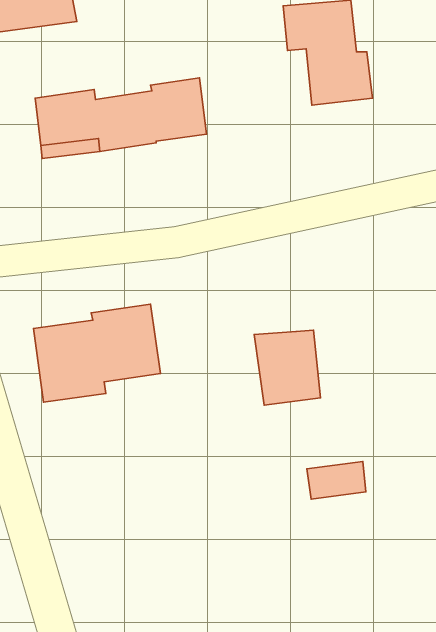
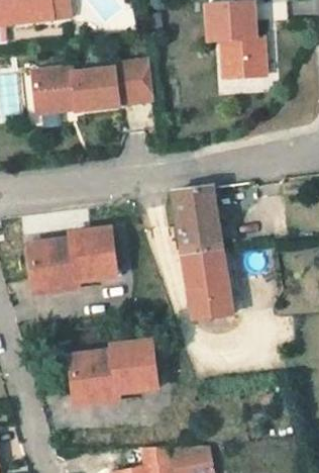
building: none -> [173,181,222,242]
building: [307,462,366,499] -> [188,286,229,312]
building: none -> [68,334,155,400]

